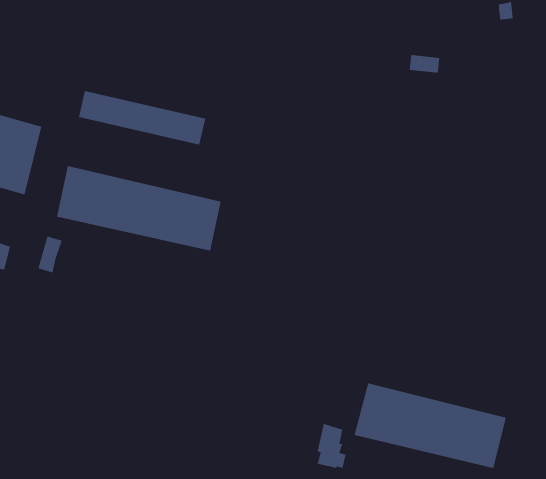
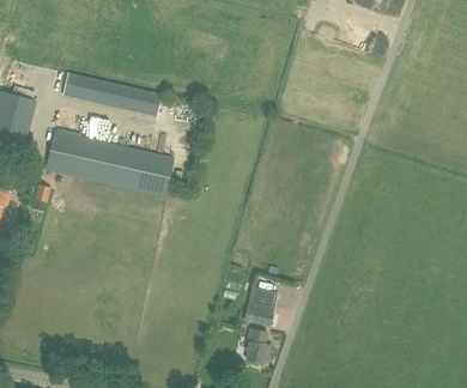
building: none -> [243,286,278,326]
building: [354,382,507,469] -> none

